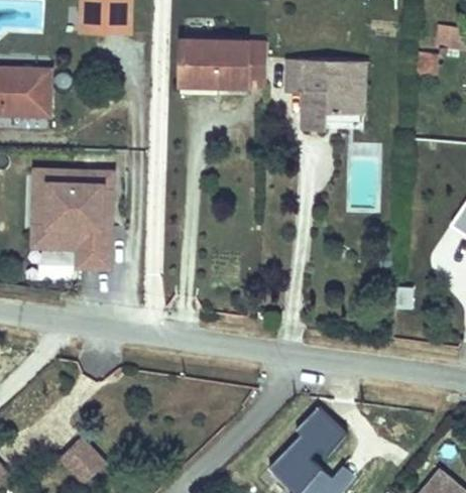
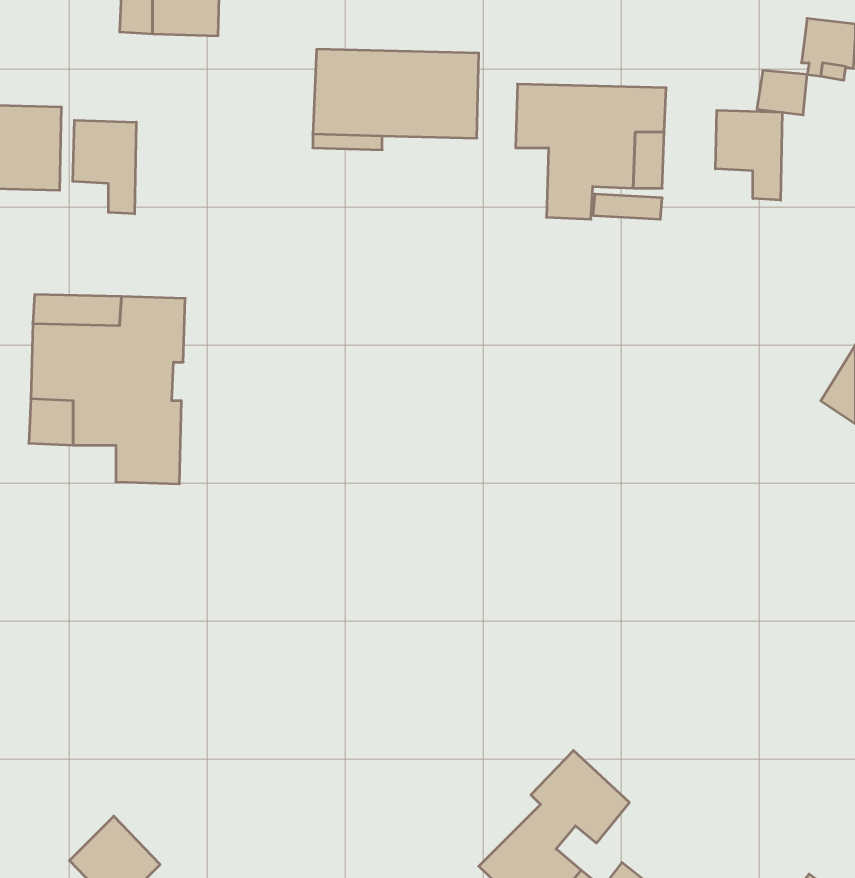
building: none -> [715,110,782,200]
building: none -> [73,120,136,214]

